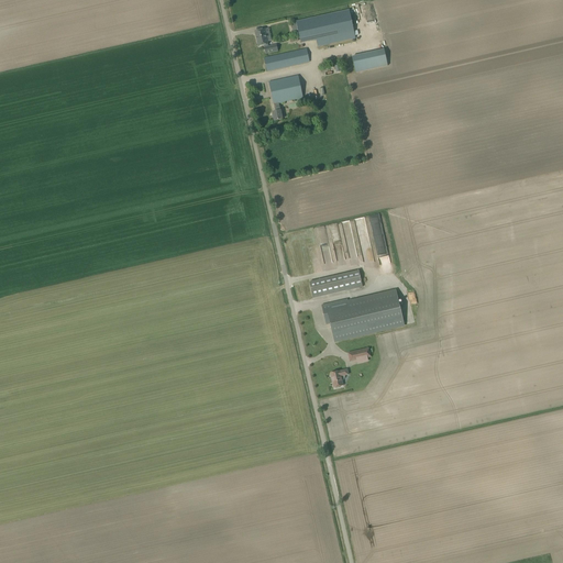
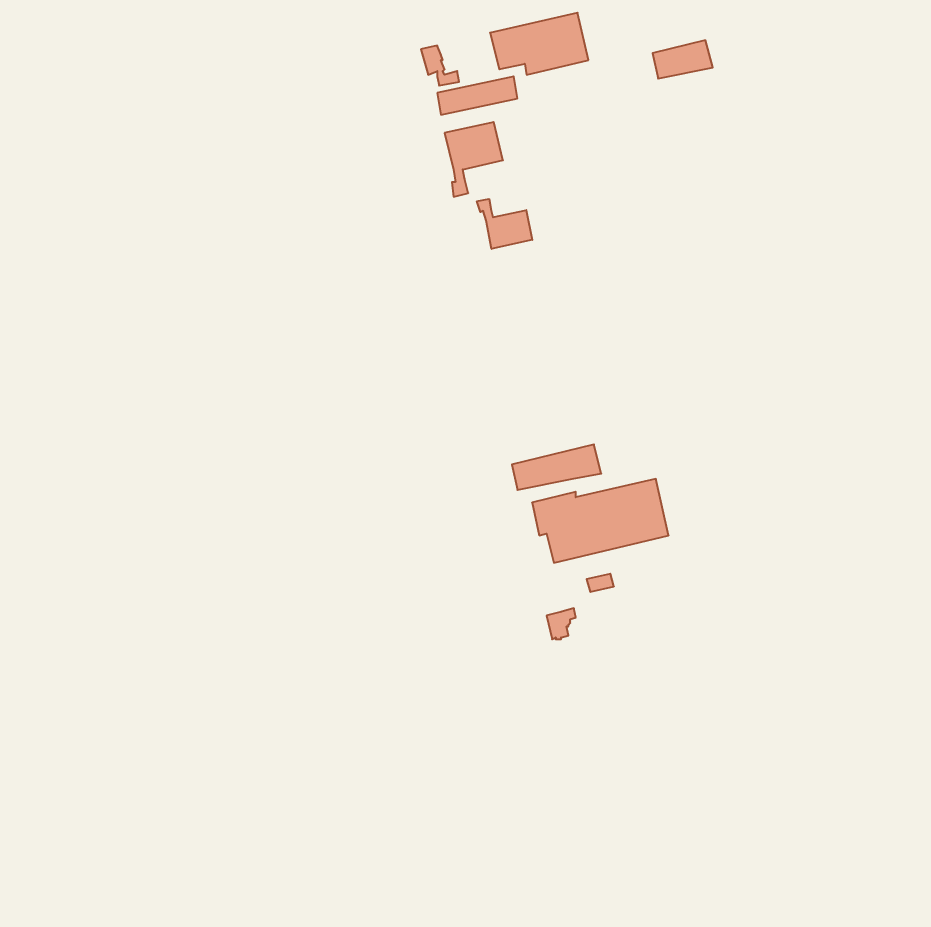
building: [352,47,388,70] -> [653,40,713,79]
building: none -> [477,199,532,249]

